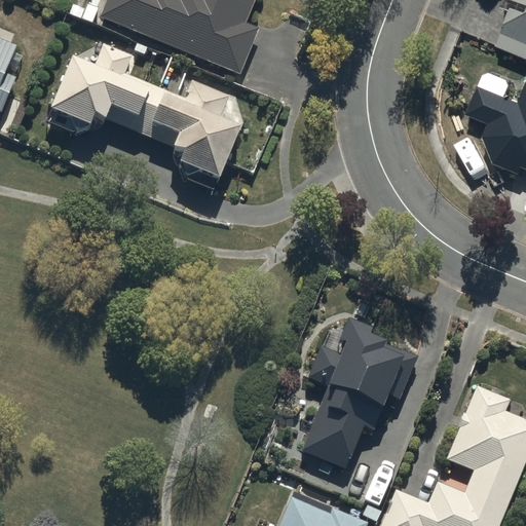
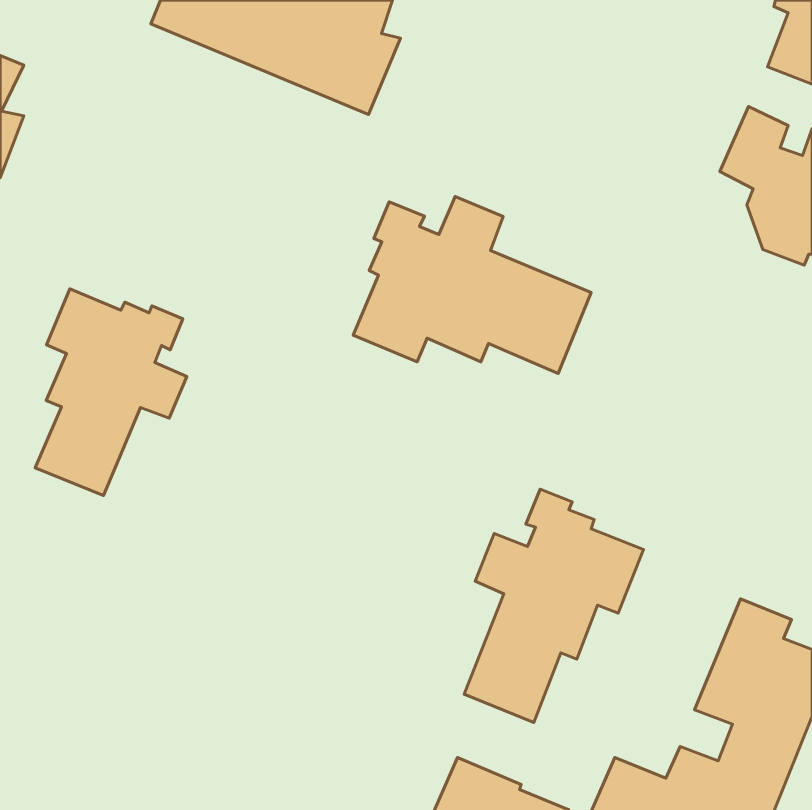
building: [47,45,239,174] -> none
building: none -> [353,196,591,374]
building: none -> [35,289,187,495]

